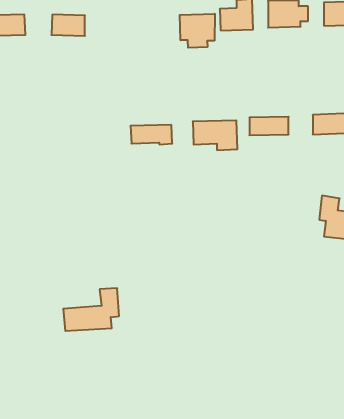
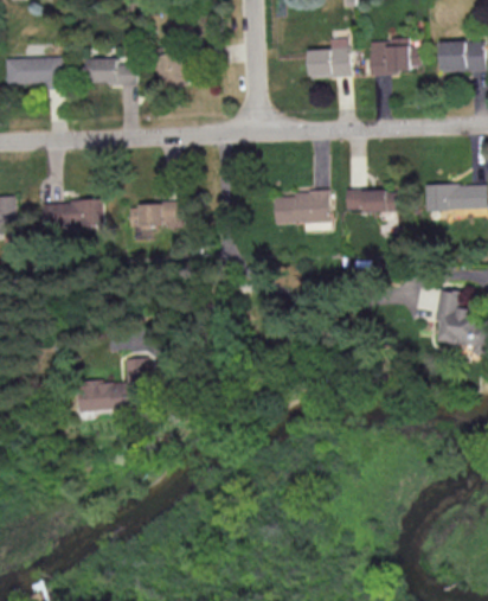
building: none -> [154,51,188,90]
building: [180,14,215,48] -> none
building: [130,125,172,144] -> [127,204,180,229]
building: none -> [41,202,102,228]
building: [63,288,119,331] -> [77,358,148,413]

